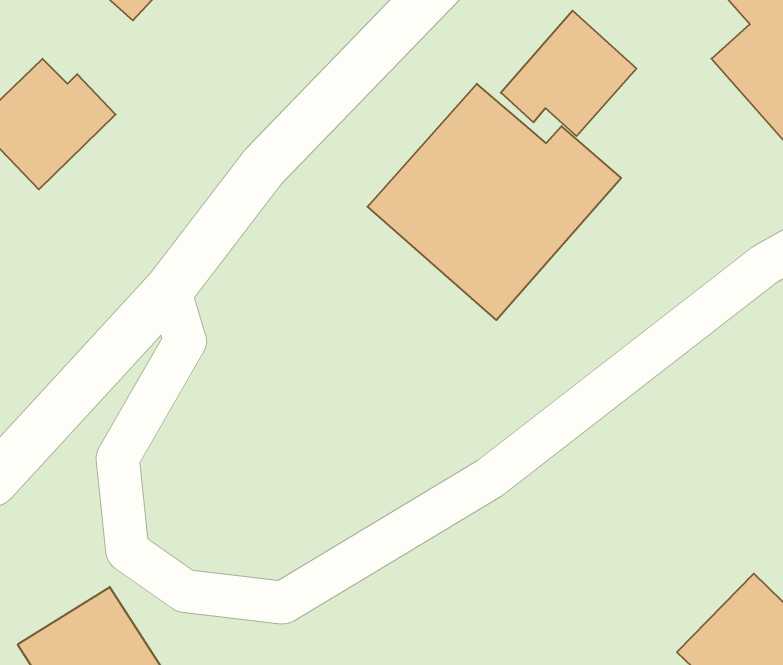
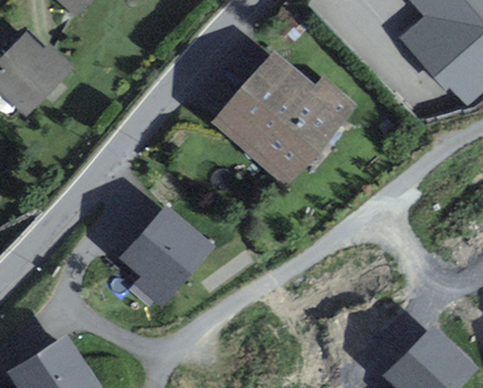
building: [501,11,636,136] -> none
building: none -> [120,206,214,307]

